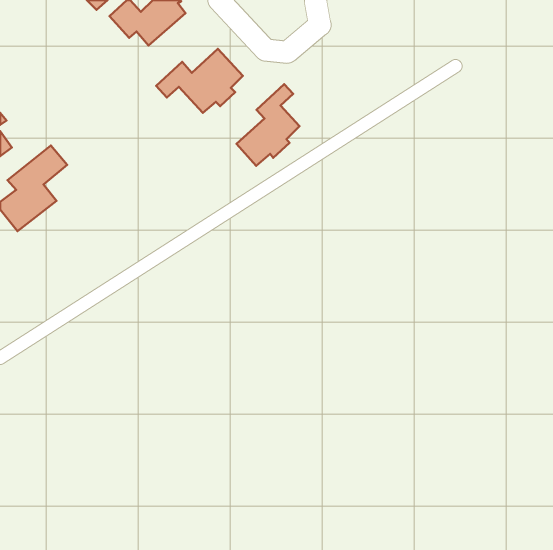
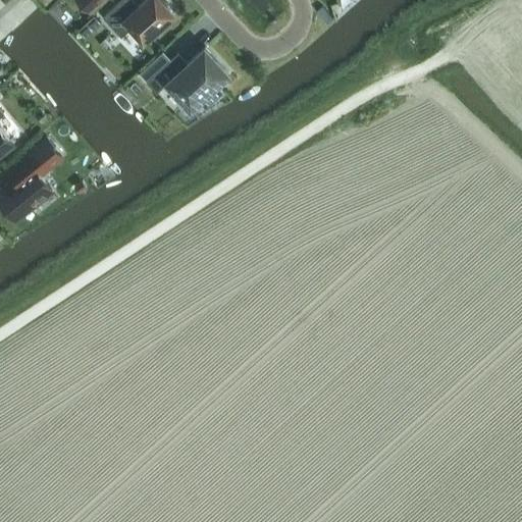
building: [236,84,299,166] -> none

